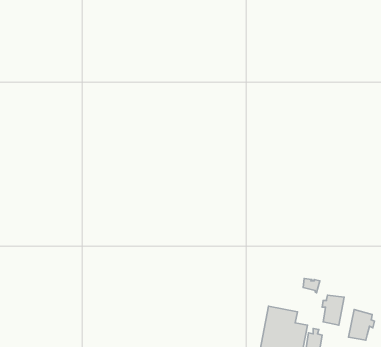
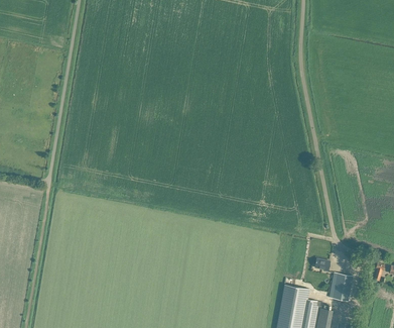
building: [349,310,375,340] -> none

